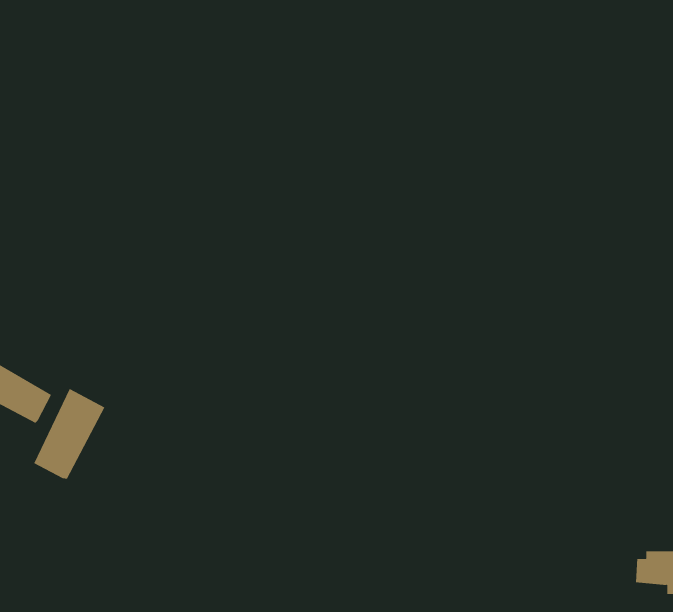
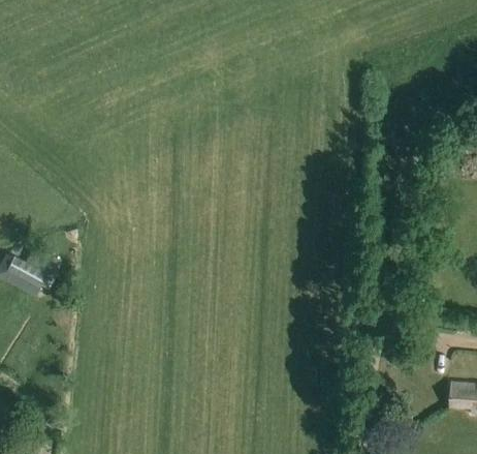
building: [33,388,105,479] -> none

